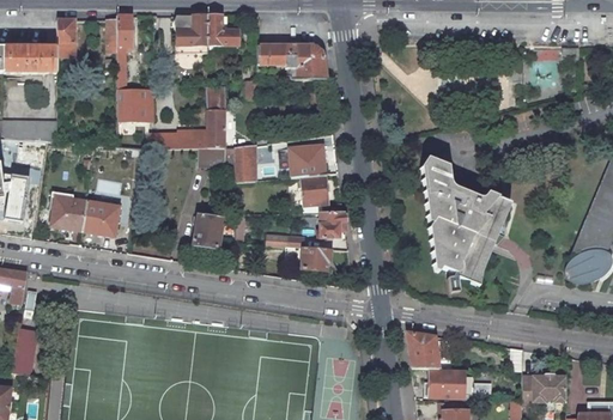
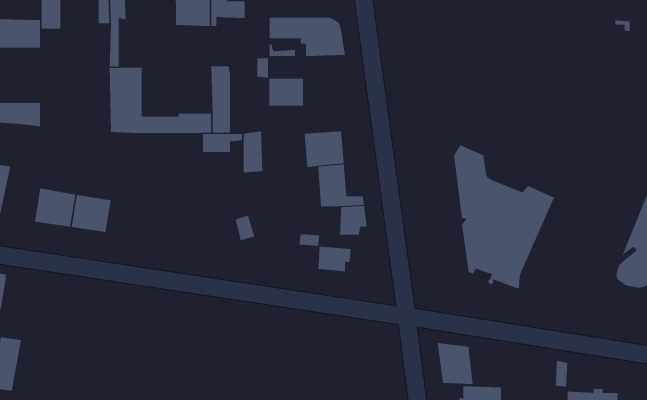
building: none -> [269,78,303,106]
building: [194,214,224,246] -> none

